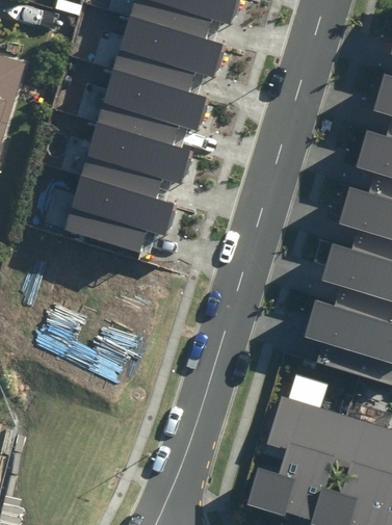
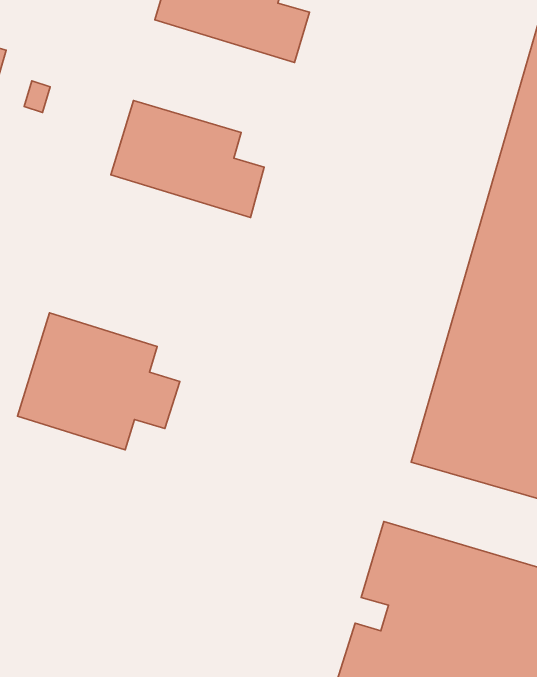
building: [107,52,212,132] -> none
building: [68,157,179,251] -> [17,313,180,450]

